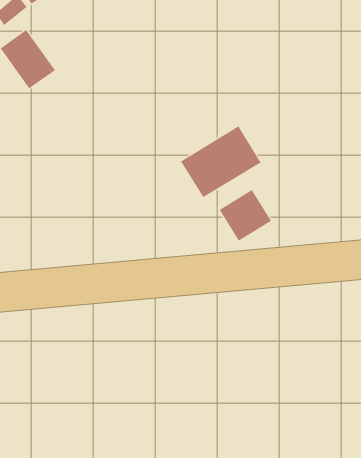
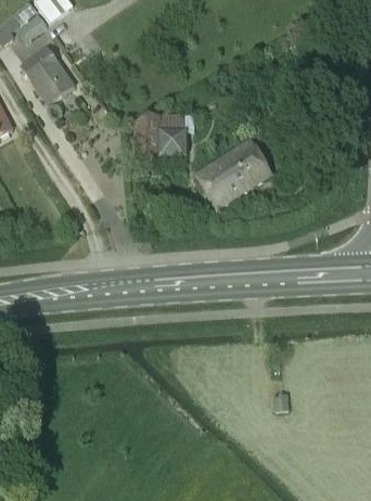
building: none -> [131,112,186,157]
building: [219,189,272,241] -> none

